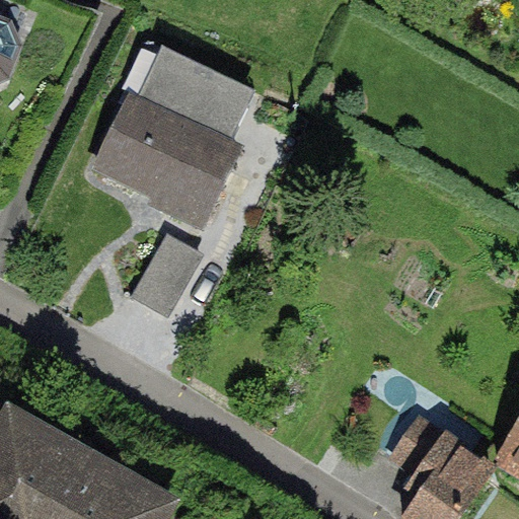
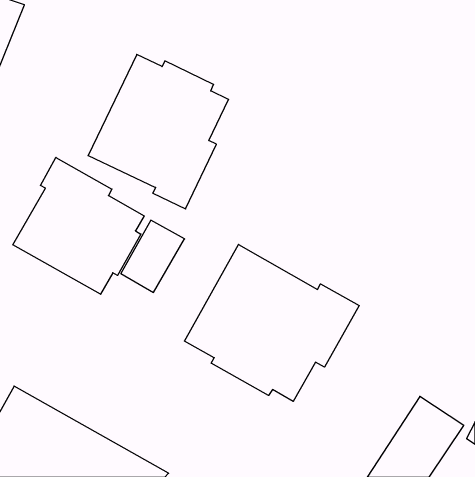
building: none -> [13,157,144,294]
building: none -> [184,244,359,401]

